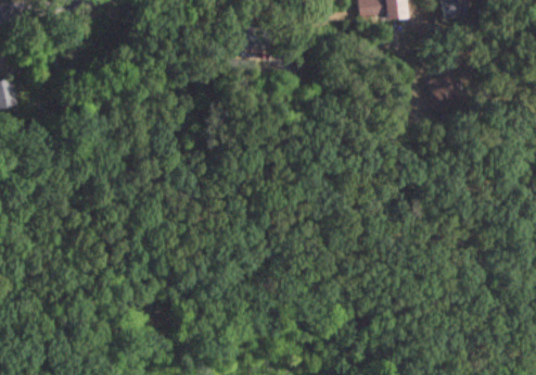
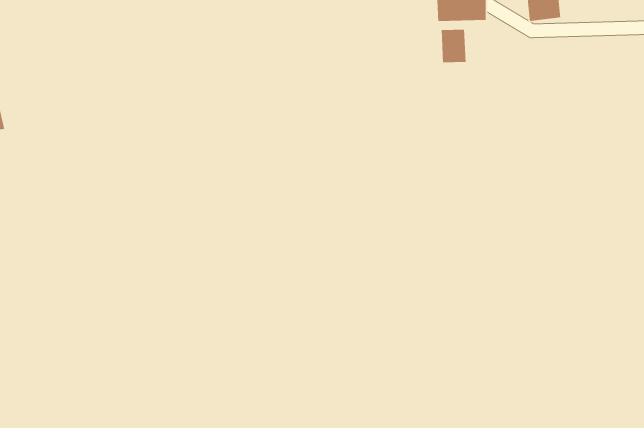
building: none -> [441,29,466,63]

